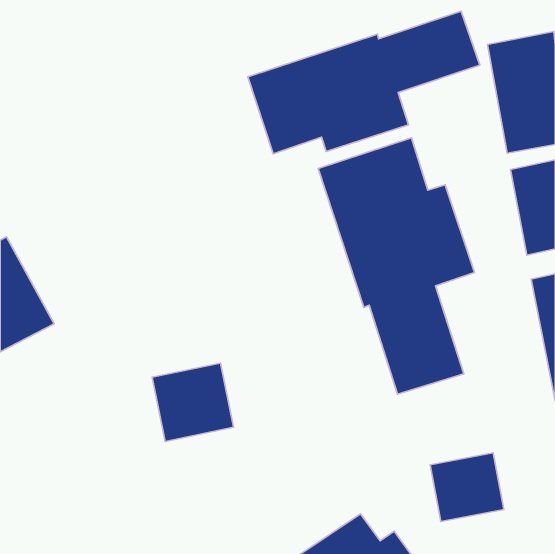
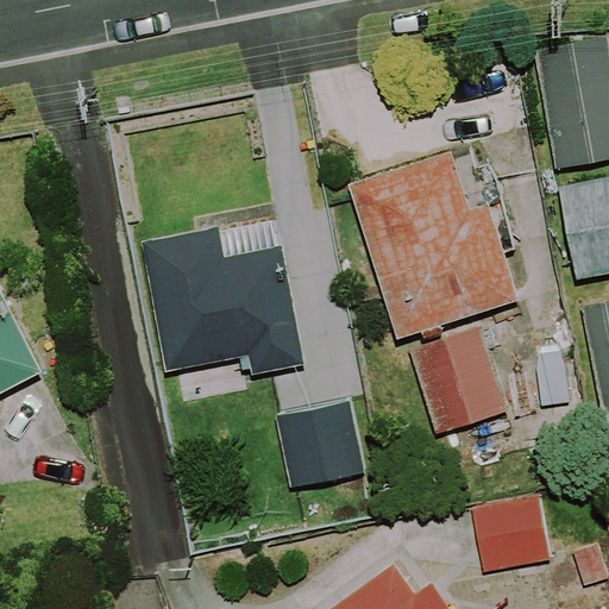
building: [248,11,480,154] -> none
building: none -> [140,220,303,375]
building: [152,363,234,441] -> [276,402,365,488]

